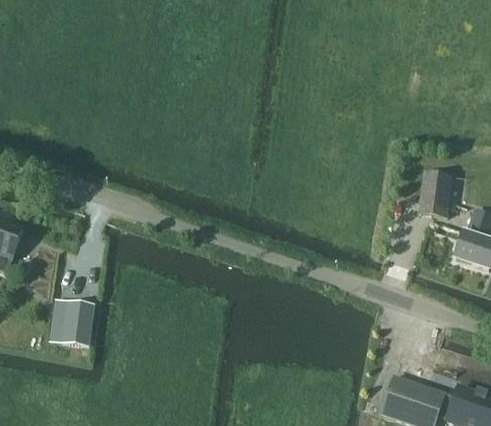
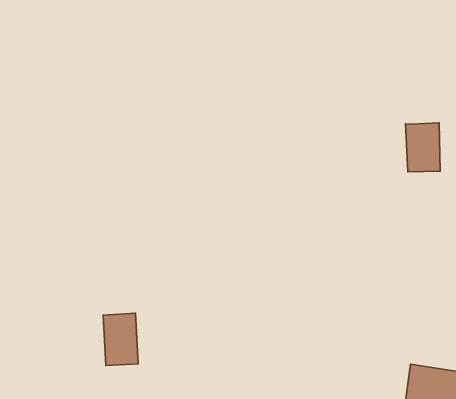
building: [61,299,94,344] -> [103,313,138,366]

